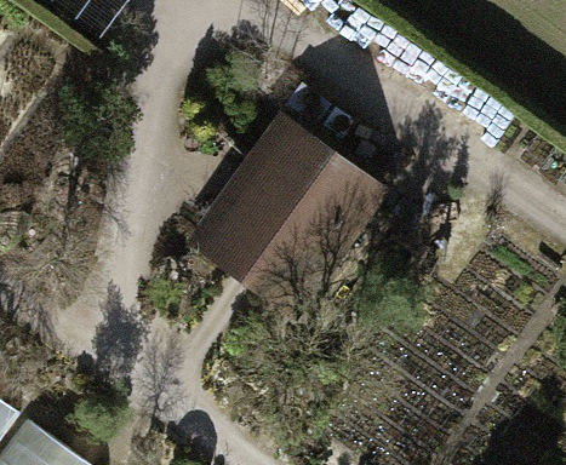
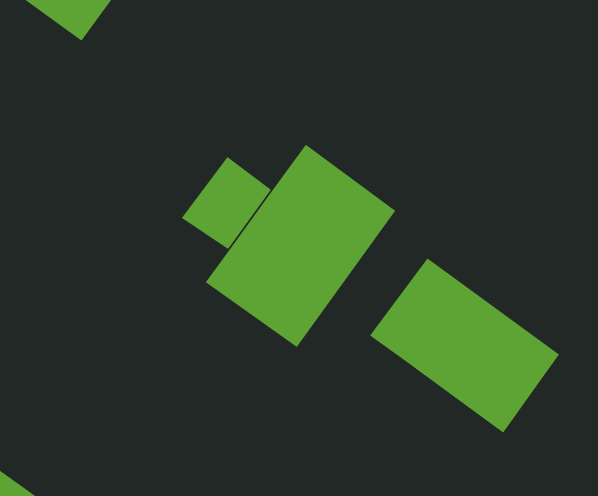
building: none -> [369,258,560,433]

